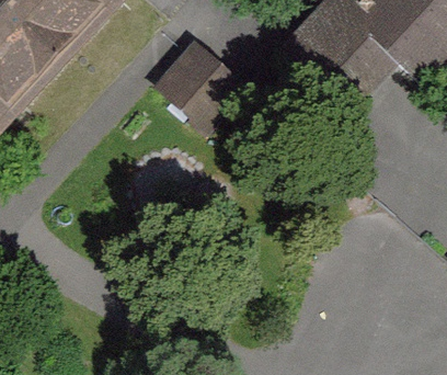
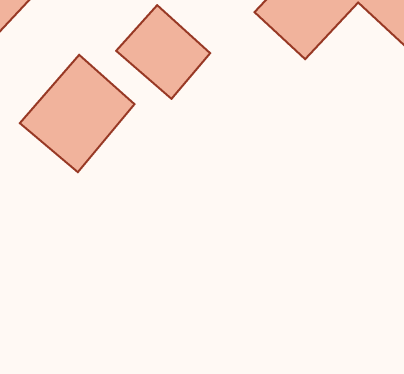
building: none -> [20,55,134,172]

